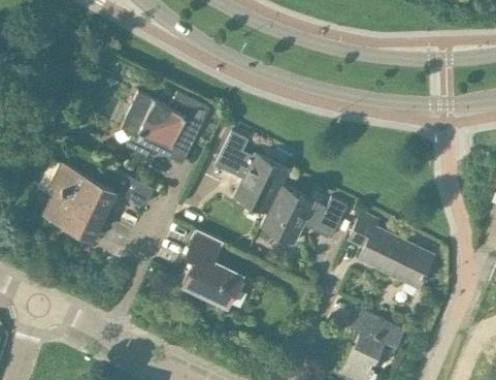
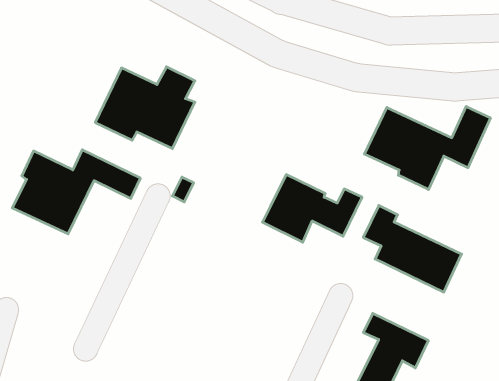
building: none -> [364,106,490,190]
building: [216,133,289,214] -> none
building: [183,220,244,306] -> none

